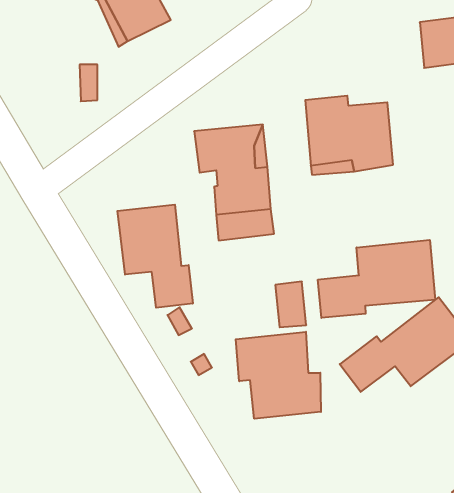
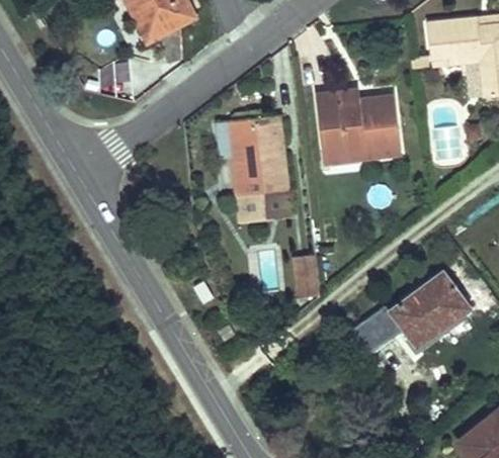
building: [117,205,193,308] -> none
building: [318,240,435,318] -> none
building: [236,332,321,419] -> none

